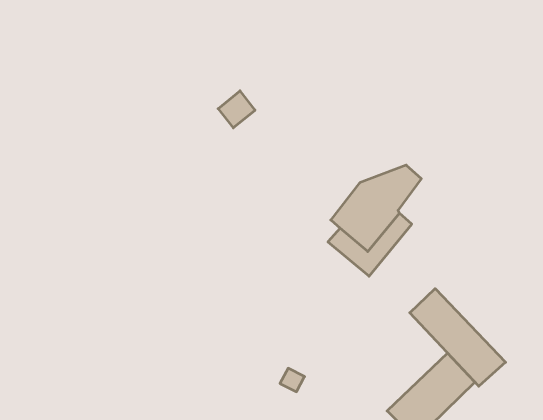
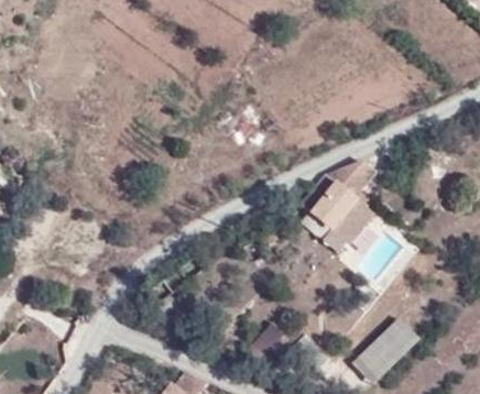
building: [410,289,506,386] -> none

